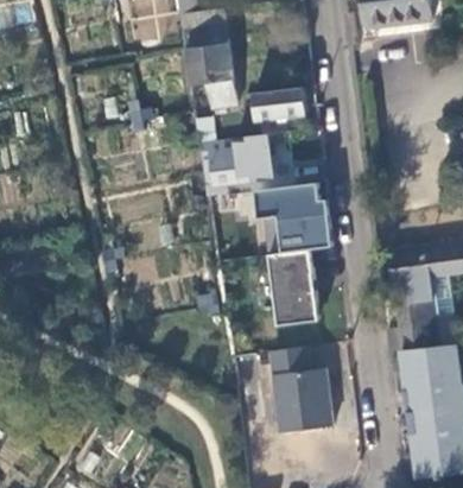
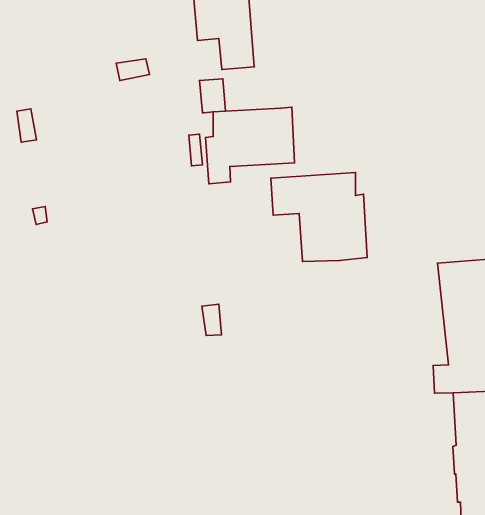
building: [253,89,305,137] -> none
building: [271,252,318,325] -> none
building: [269,347,332,433] -> none

